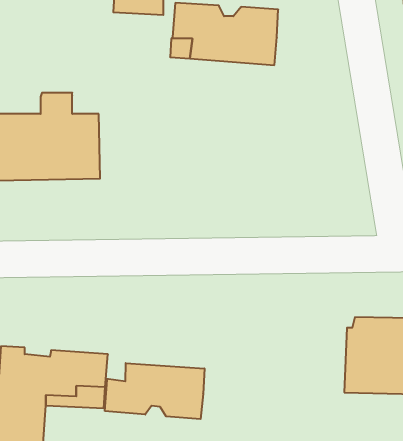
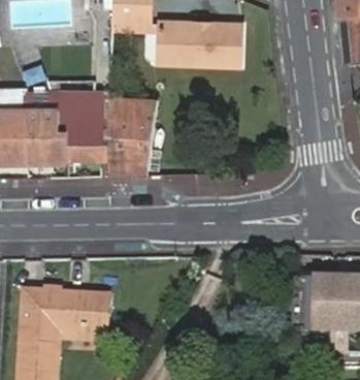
building: none -> [79,92,154,177]
building: [105,363,204,419] -> none

